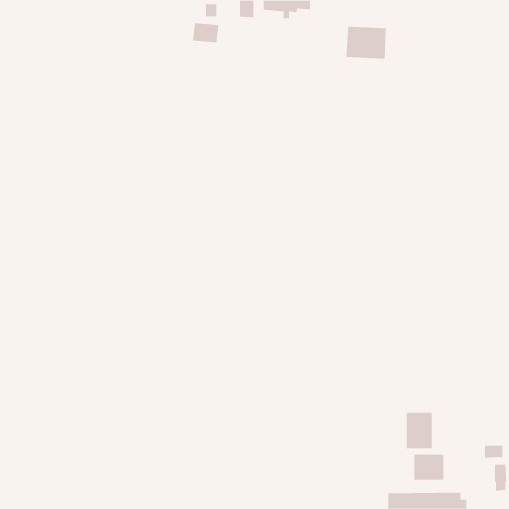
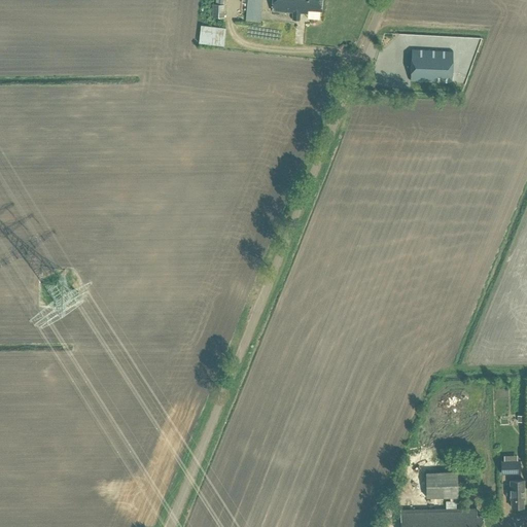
building: [346,26,386,59] -> [409,48,451,82]
building: [406,412,432,449] -> none

